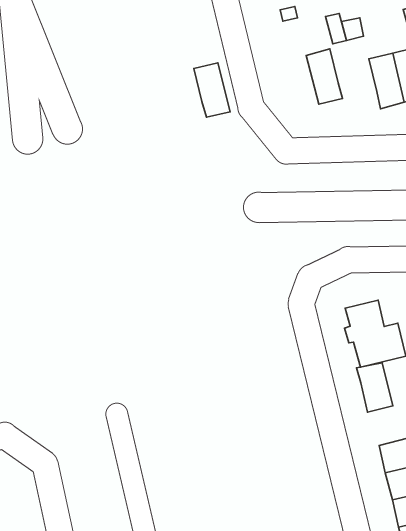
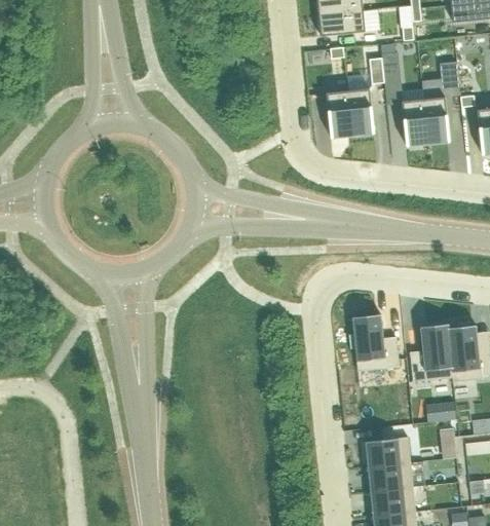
building: [194,63,230,117] -> [326,90,352,137]
building: [357,363,393,412] -> none

